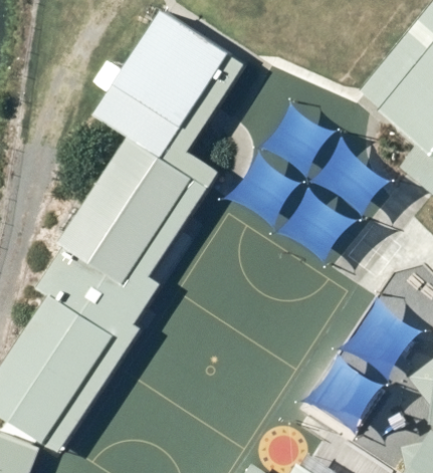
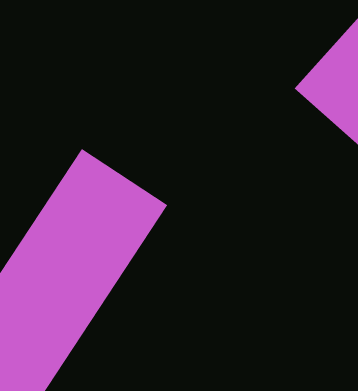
building: [93,32,232,179] -> none

